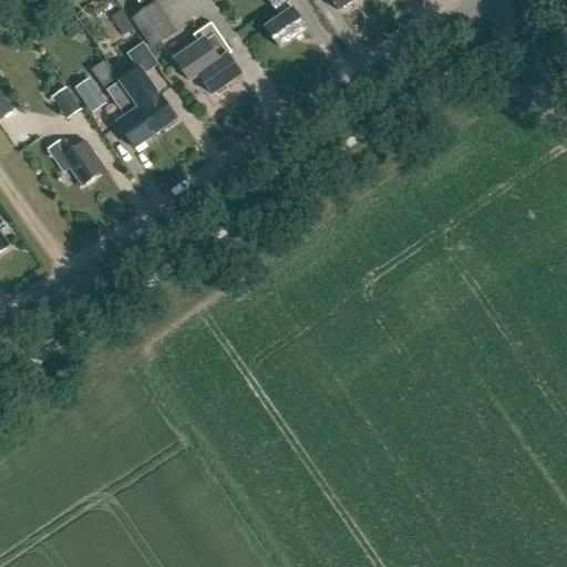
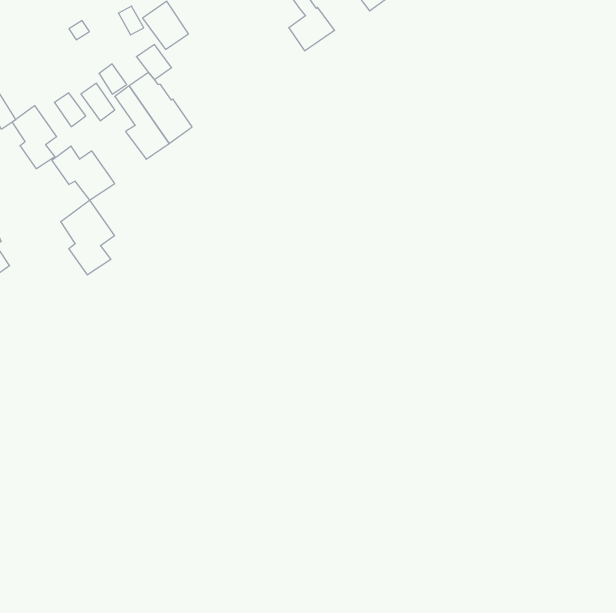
building: [173,21,240,93] -> none
building: none -> [12,106,57,169]
building: none -> [61,200,114,275]

